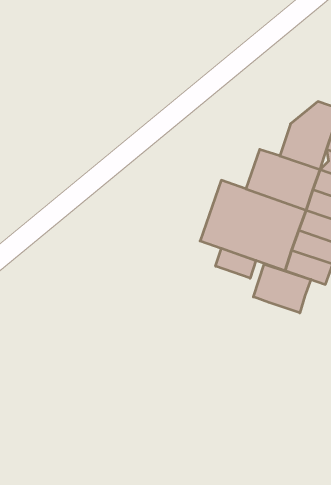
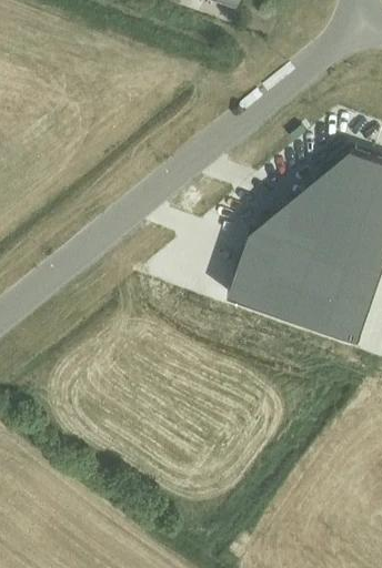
building: [216,248,256,278] -> none
building: [253,264,311,313] -> none

